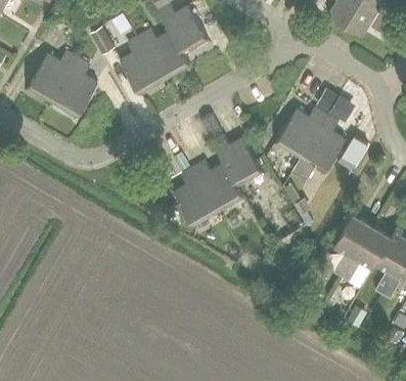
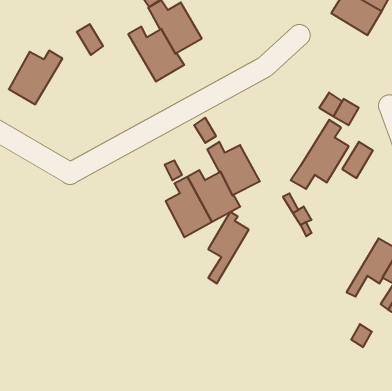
building: [121,35,165,93] -> none
building: [52,57,97,115] -> none
building: [275,108,326,158] -> none
building: [334,209,372,276] -> [208,212,249,283]

